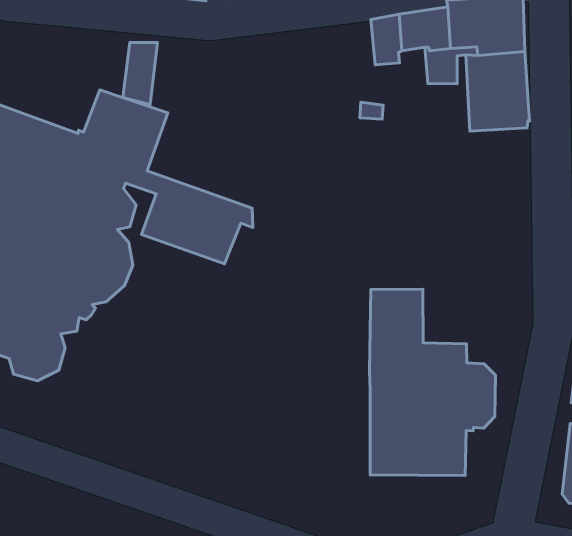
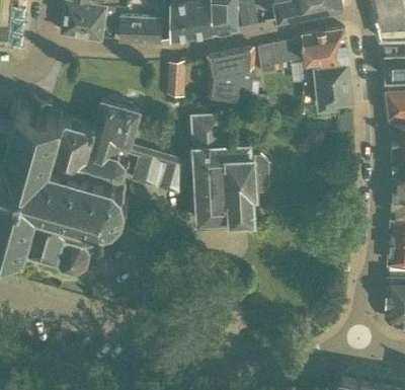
building: none -> [206,49,255,100]
building: [123,42,157,105] -> [167,63,185,99]
building: [369,289,496,476] -> [192,113,269,224]

